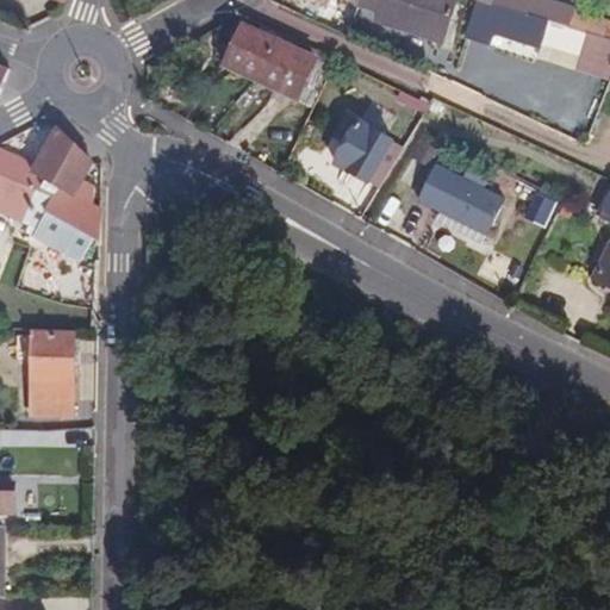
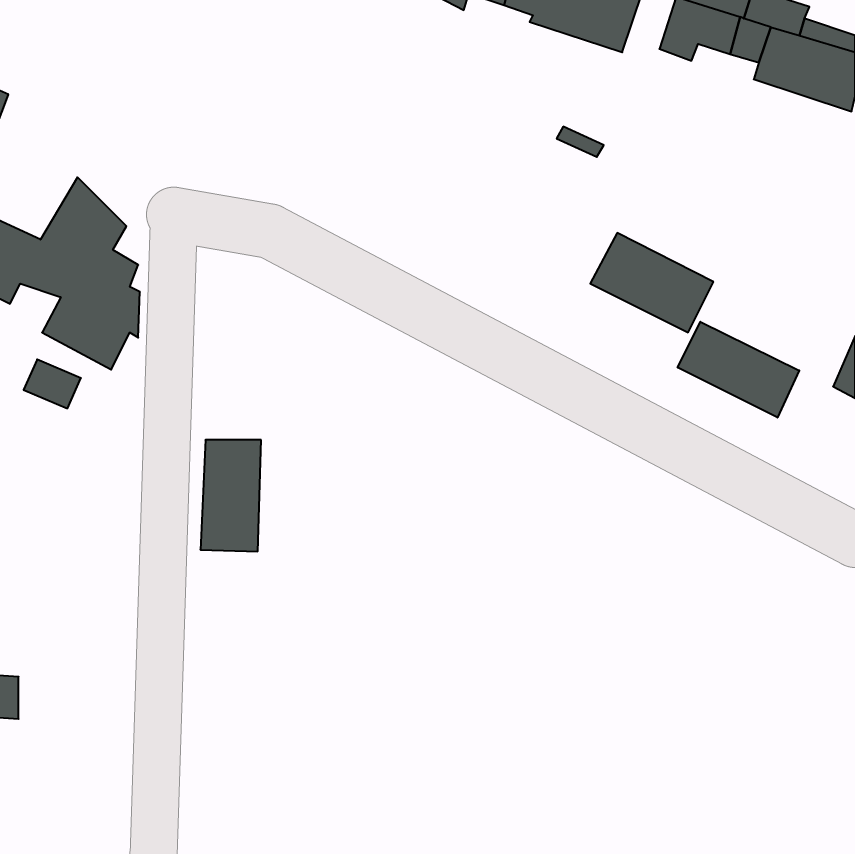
building: [219,23,311,95] -> none
building: [332,119,400,186] -> none
building: none -> [678,322,799,418]
building: [30,331,73,410] -> [200,440,261,551]

